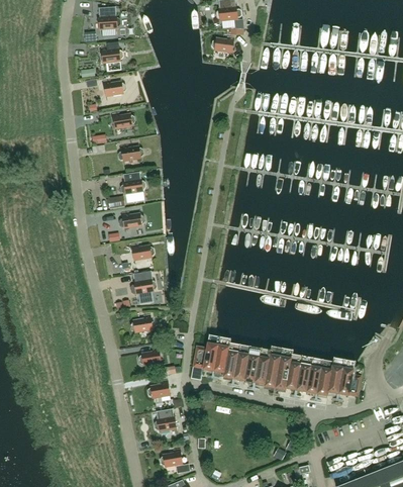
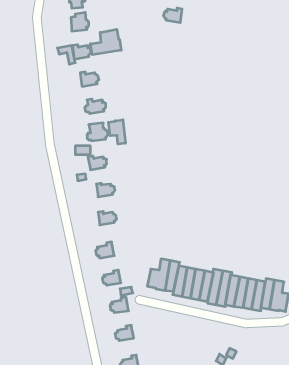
building: none -> [90,29,121,55]
building: none -> [108,120,125,144]

